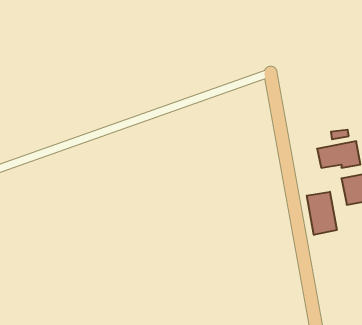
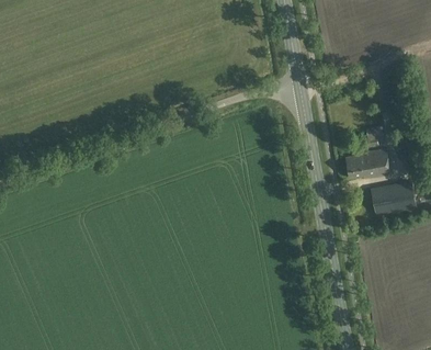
building: [307,192,337,235] -> none

